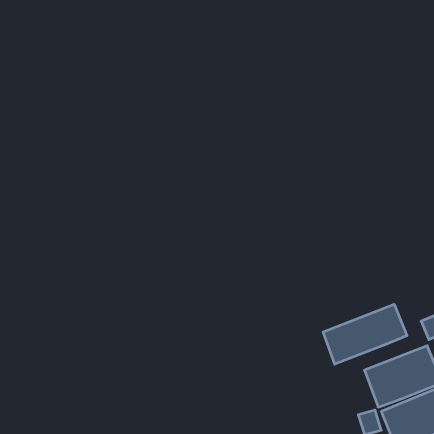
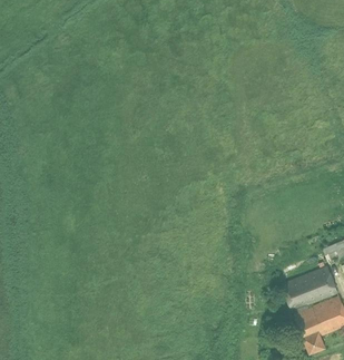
building: [323,304,407,364] -> none

